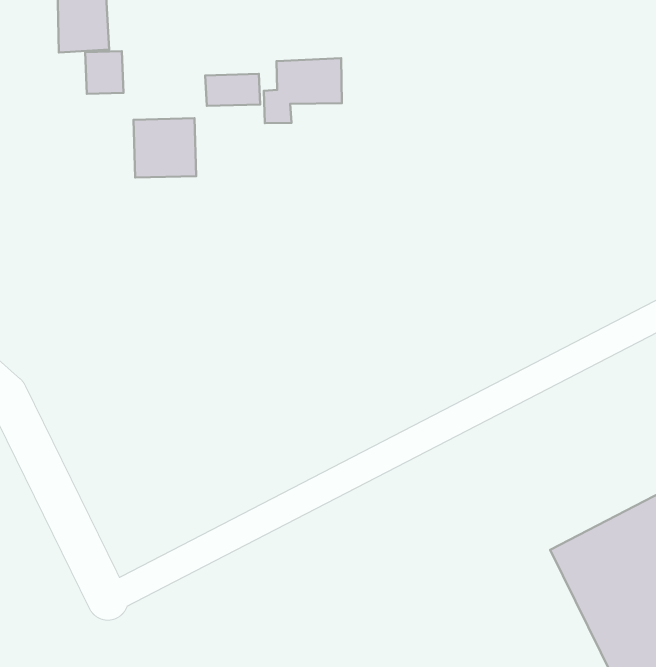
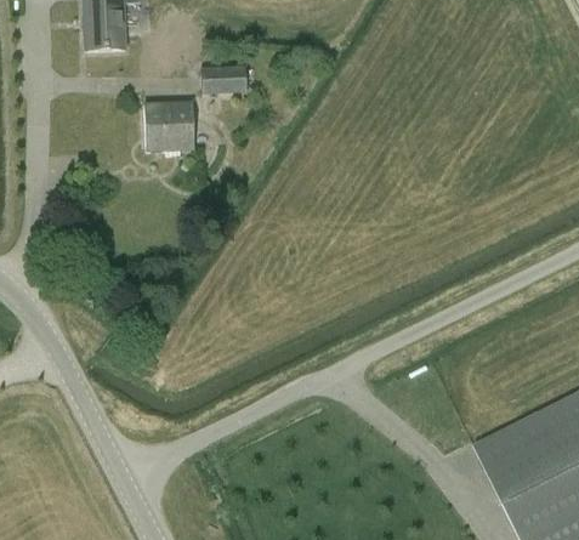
building: [85,51,123,94] -> none
building: [264,58,342,123] -> none

